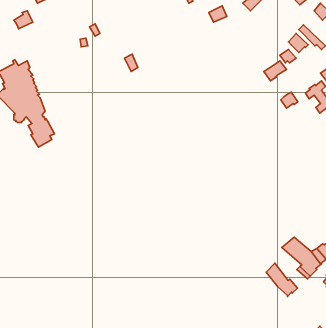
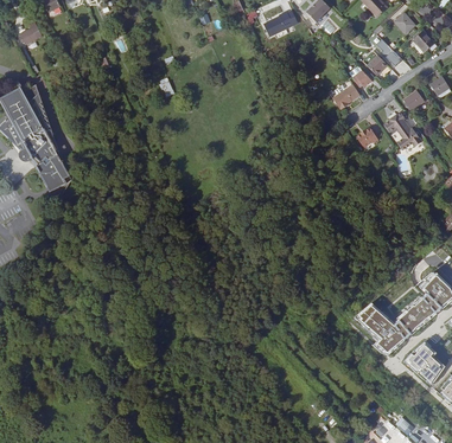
building: [266,263,297,296] -> none

